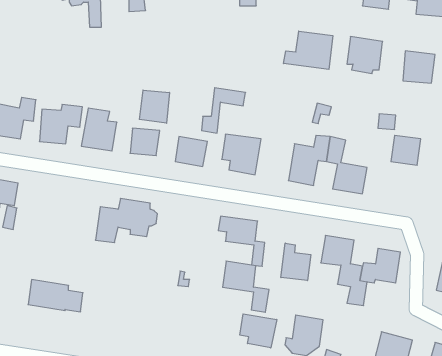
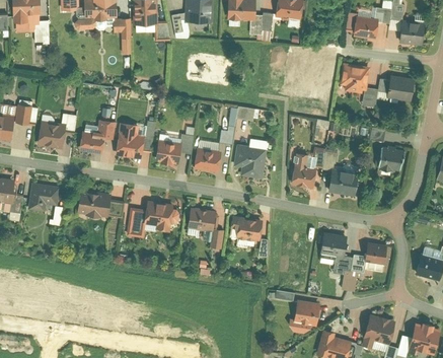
building: [284,31,333,69] -> none
building: [139,90,169,123] -> none
building: [281,243,311,281] -> none
building: [223,261,269,312] -> [187,206,226,249]
building: [28,280,83,312] -> [77,191,124,218]
building: [240,314,277,348] -> none

